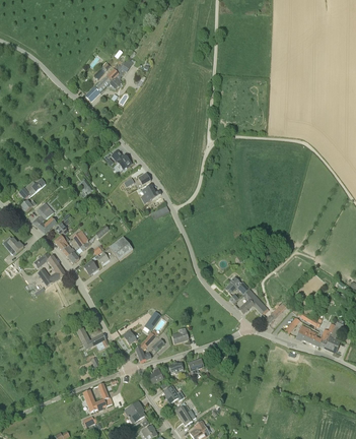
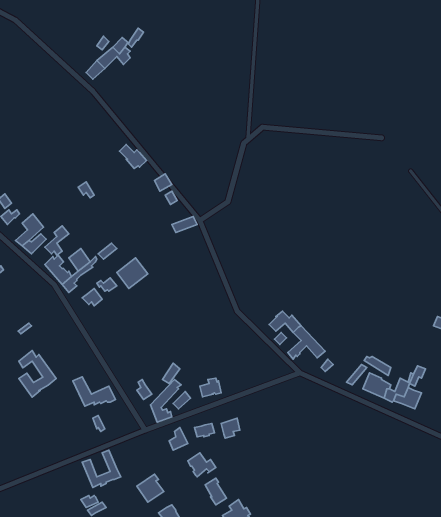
building: [38,252,66,288] -> [19,350,56,397]

